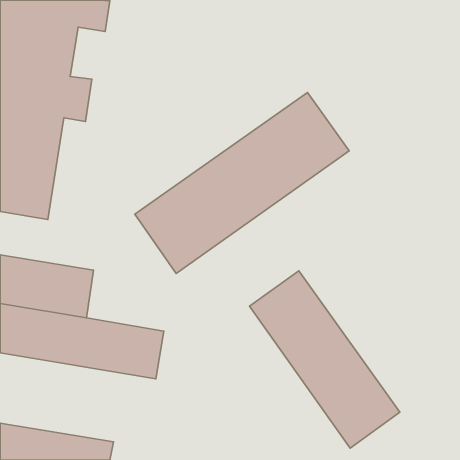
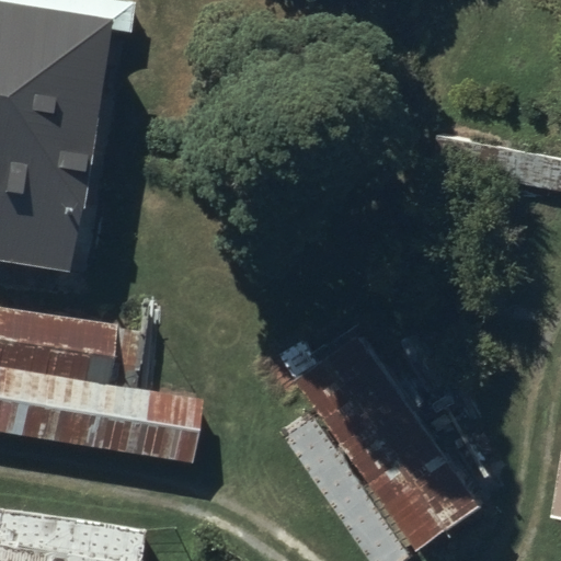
building: [135,92,349,274] -> none

